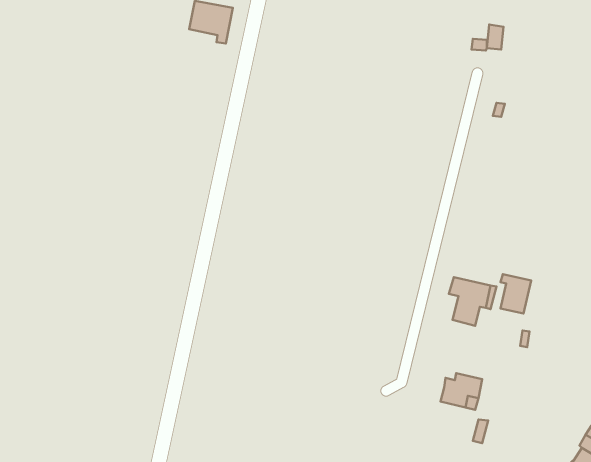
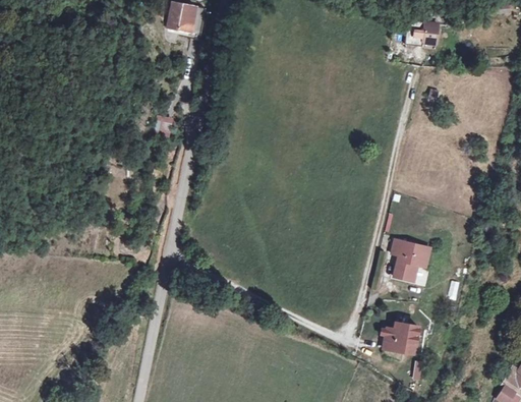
building: [500,274,531,313] -> none

